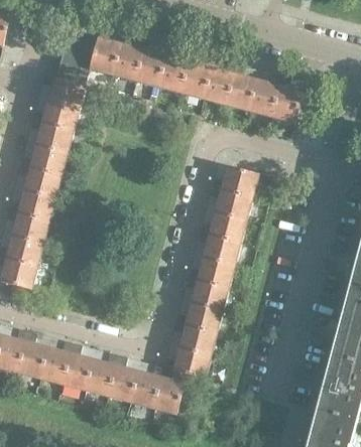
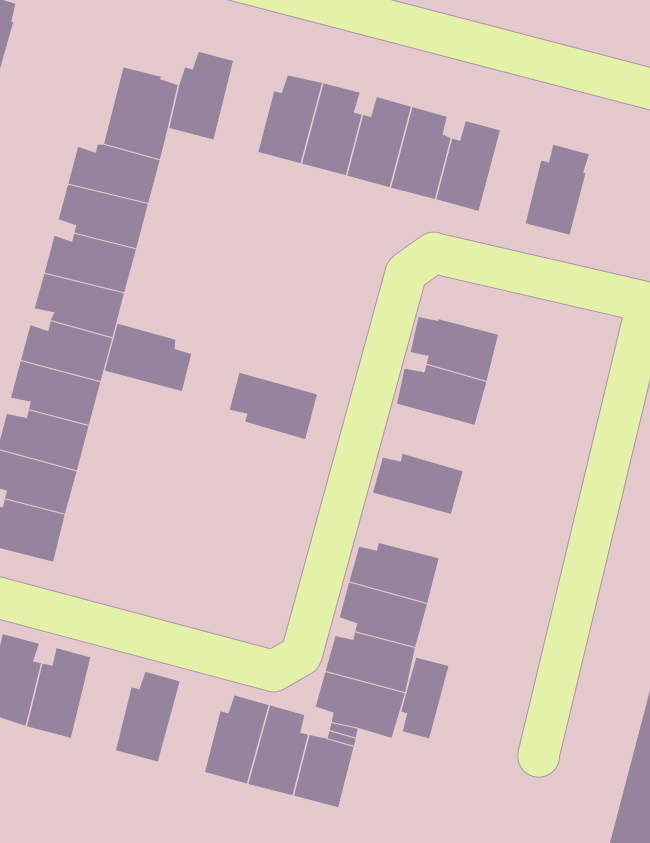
building: [111,35,141,82] -> none
building: [246,70,277,118] -> none
building: none -> [104,323,192,392]
building: [199,209,244,244] -> [229,372,318,440]
building: [187,255,232,288] -> none
building: none -> [401,657,449,739]
building: [38,338,69,386] -> none
building: [83,350,114,397] -> none

